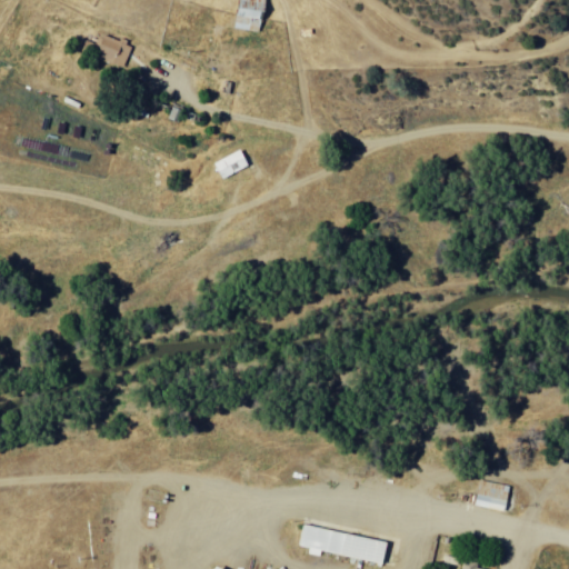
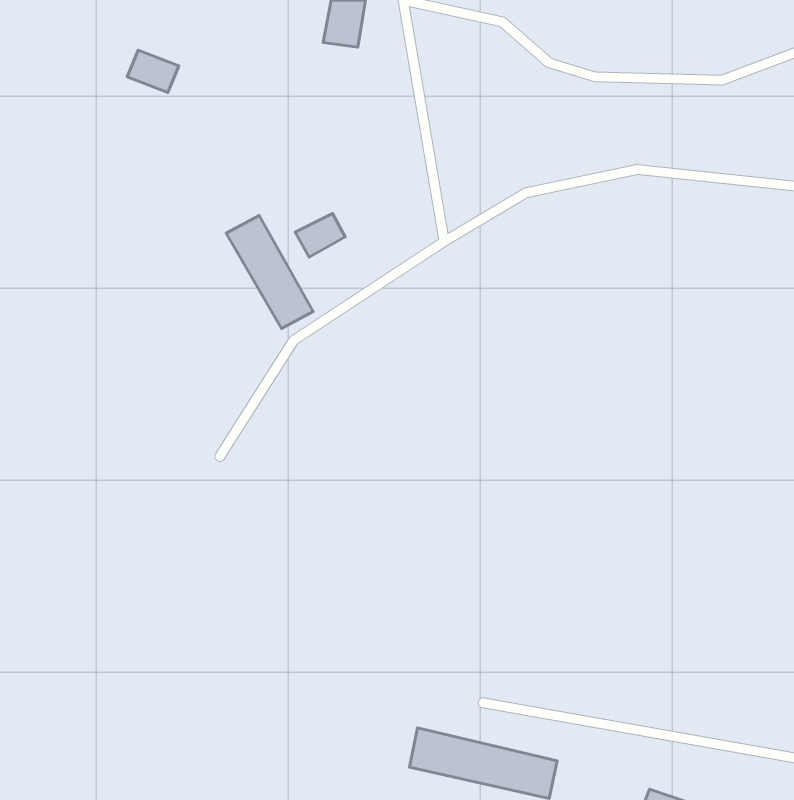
building: none -> [226,216,313,329]
building: [476,480,509,511] -> none

